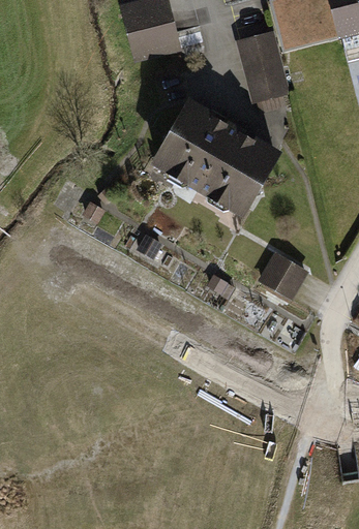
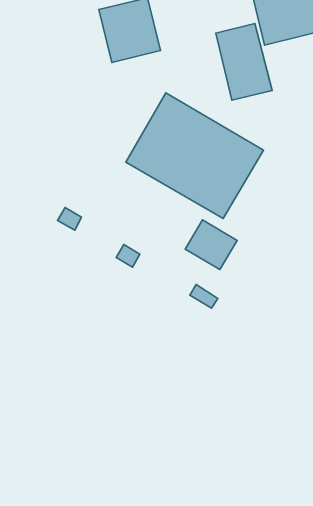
building: [257,251,306,299] -> [185,220,237,270]

